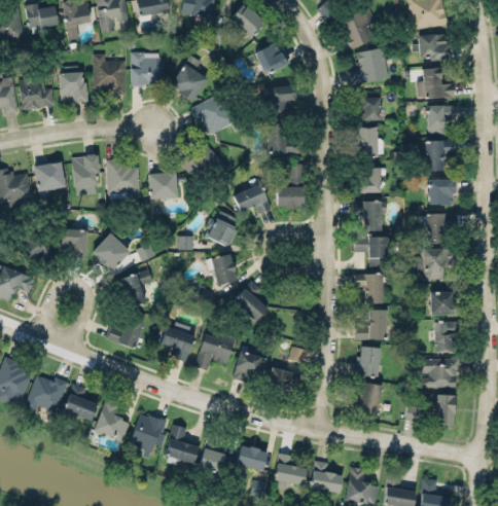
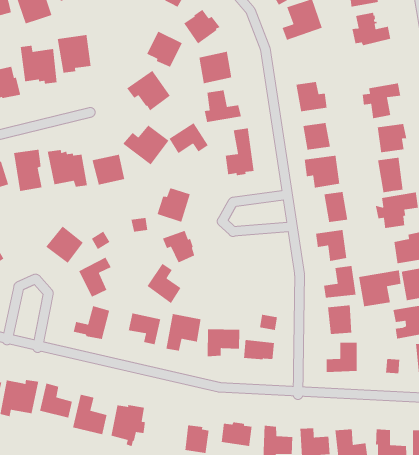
building: [171,64,208,102] -> [146,30,183,68]
building: [352,98,381,120] -> none
building: [428,105,457,134] -> none
building: [234,184,272,214] -> [169,122,209,154]
building: [62,228,87,258] -> none
building: [234,282,268,323] -> [146,263,182,304]
building: none -> [358,269,402,307]
building: [165,424,199,465] -> none

